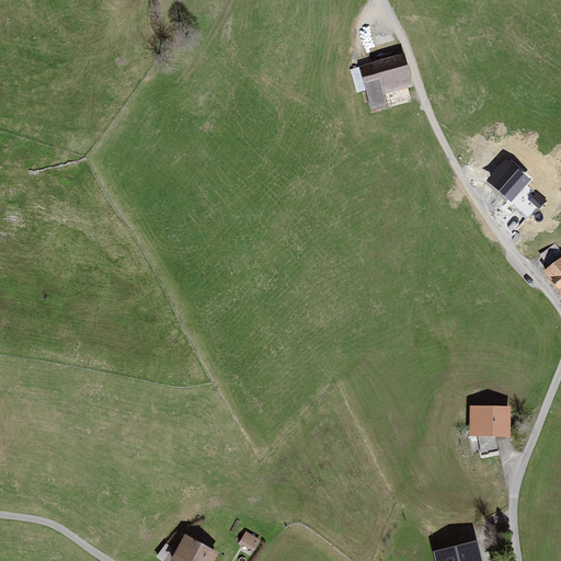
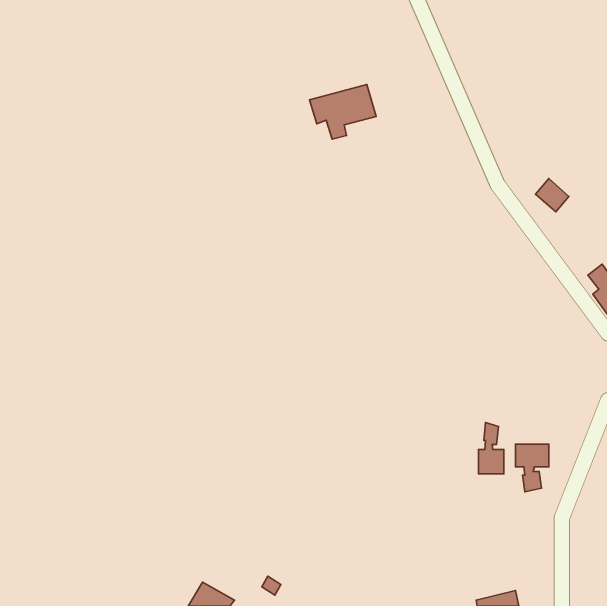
building: [352,55,413,105] -> [310,84,376,139]
building: none -> [478,423,504,474]

